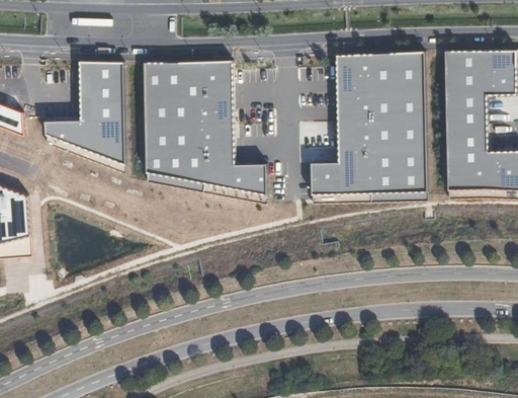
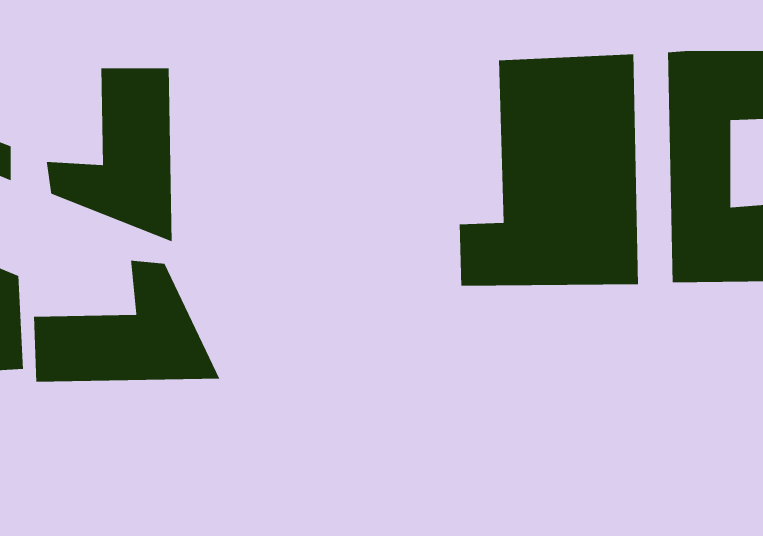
building: [143,57,266,204] -> none
building: none -> [33,260,221,383]

